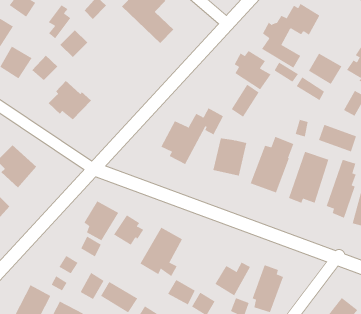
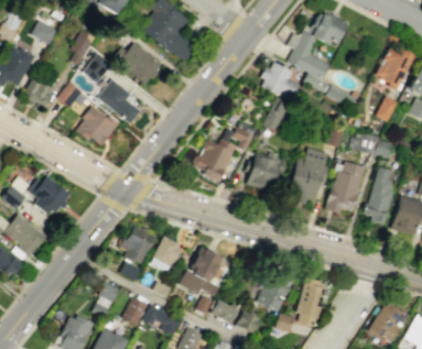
building: none -> [118,42,161,85]
building: [308,53,342,85] -> none
building: none -> [99,79,143,124]

